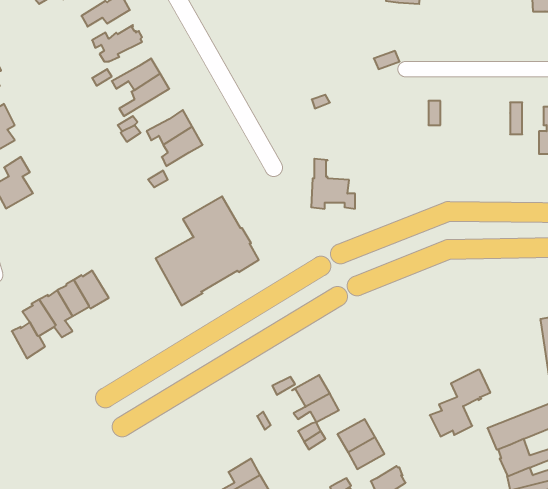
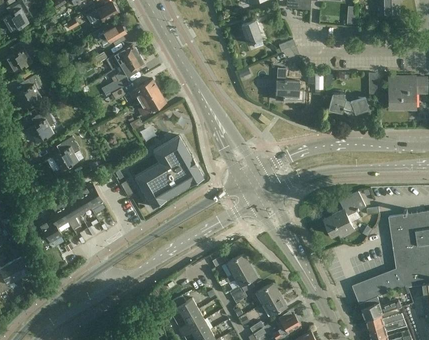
building: none -> [241,20,263,48]
building: none -> [332,93,365,114]
building: [311,159,355,209] -> [275,68,304,101]
building: none -> [48,138,79,171]
building: [430,370,490,436] -> [326,192,366,236]
building: none -> [168,295,198,318]

